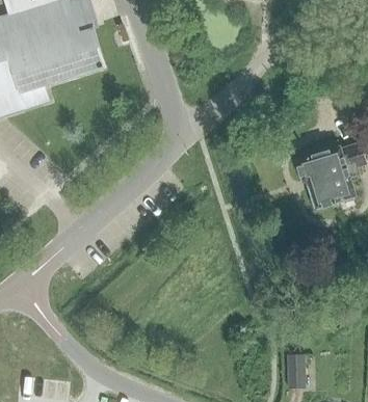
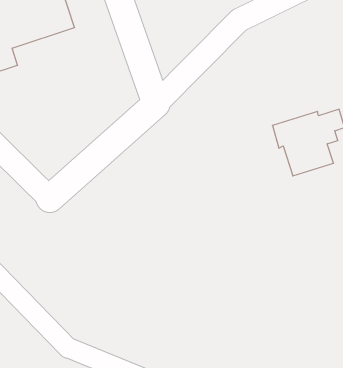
building: [286,354,305,390] -> none

